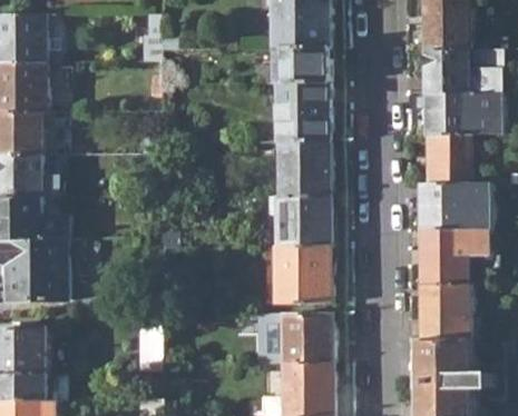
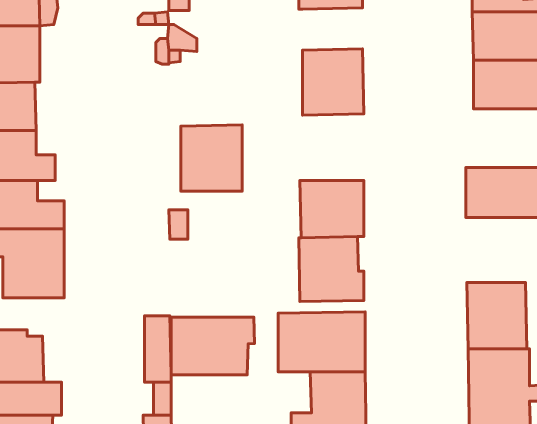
building: [275,48,328,85] -> none
building: [424,136,468,187] -> none
building: [275,140,329,198] -> [181,125,242,191]
building: [418,230,469,287] -> none
building: none -> [171,317,255,375]

